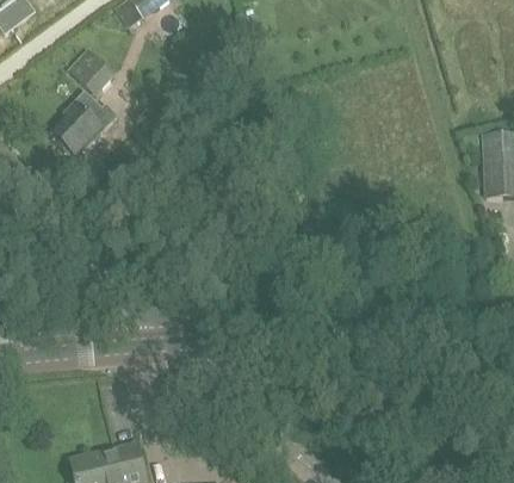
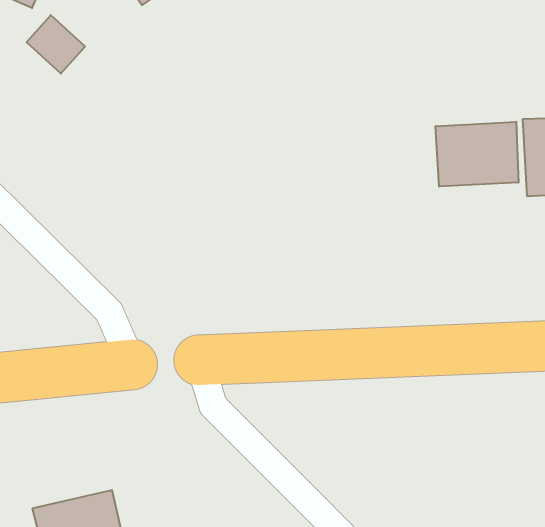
building: [51,92,116,154] -> none
building: none -> [435,122,518,187]

